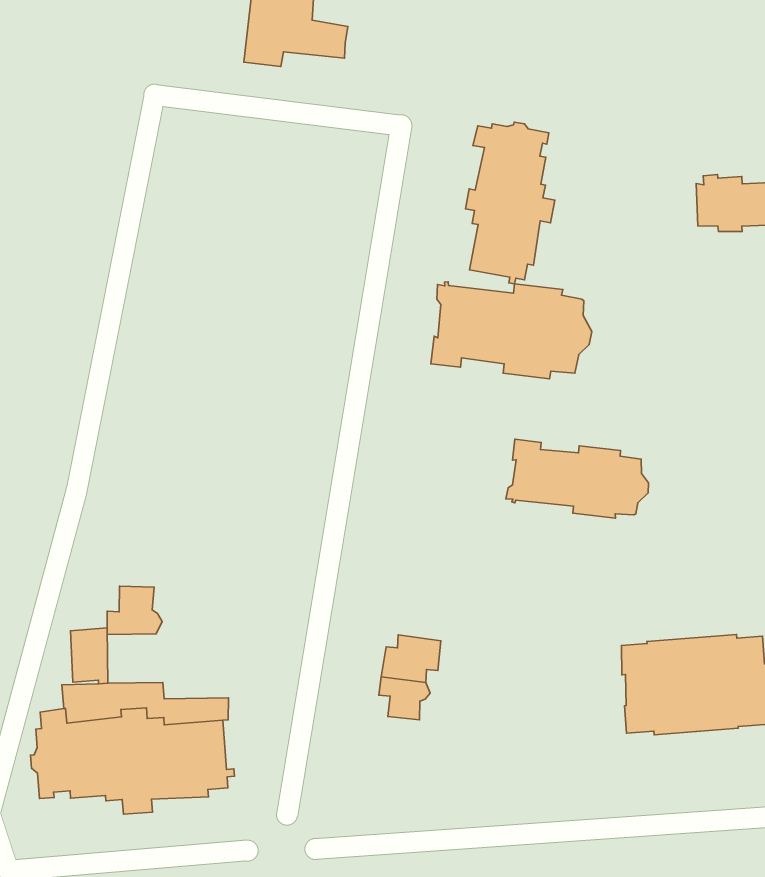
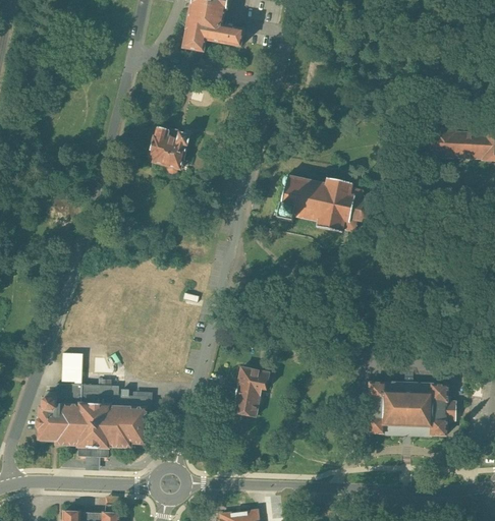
building: [466,122,555,284] -> none
building: none -> [150,126,188,174]
building: [506,439,648,518] -> none
building: [107,586,162,634] -> none

